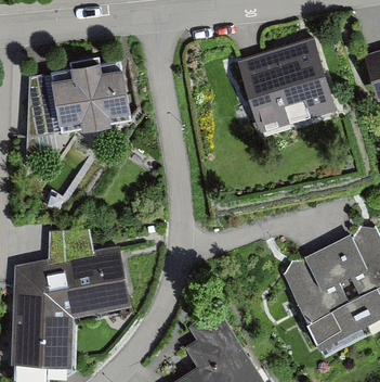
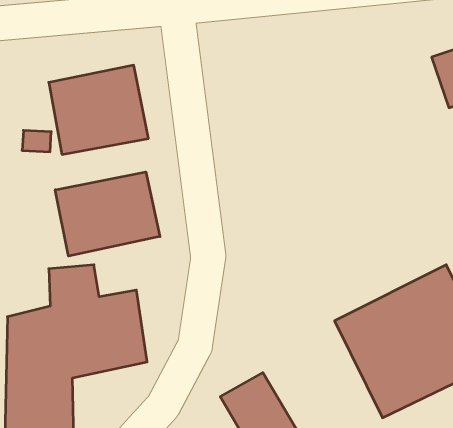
building: [239,42,337,137] -> none
building: none -> [55,172,160,256]

